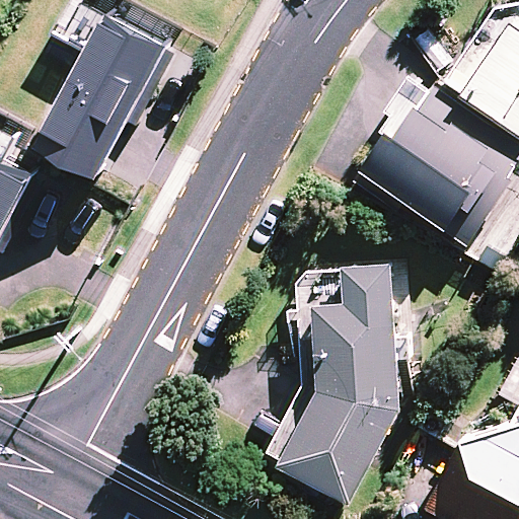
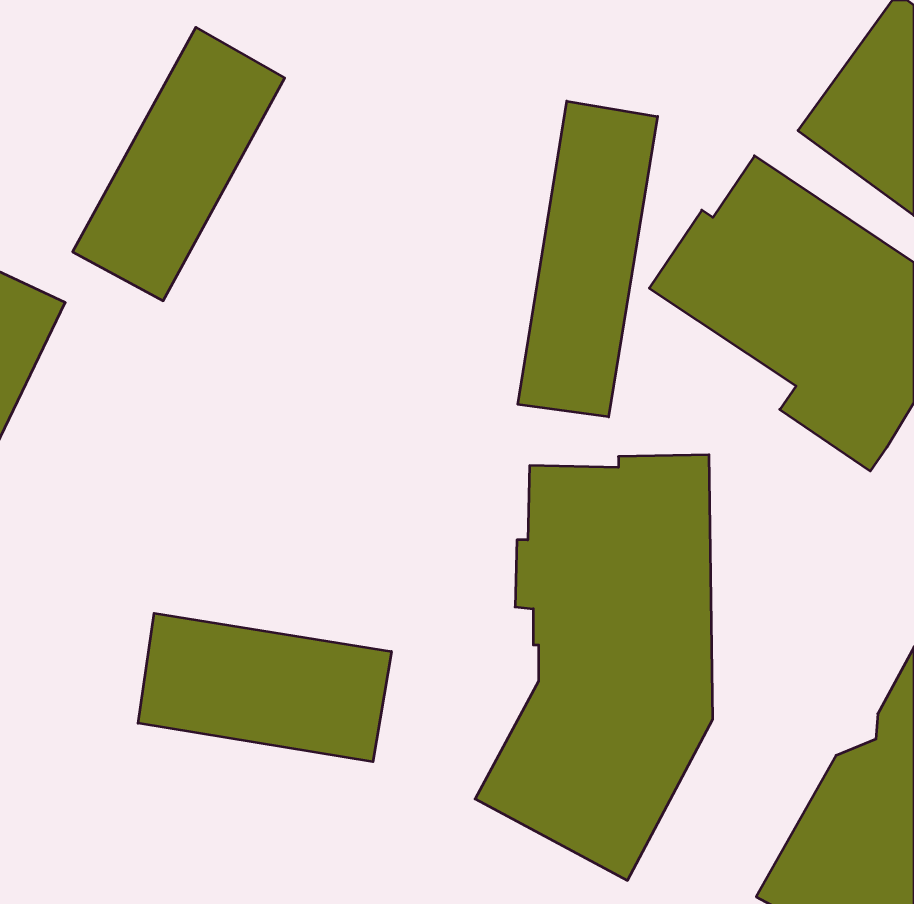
building: none -> [518,101,658,417]
building: none -> [138,613,391,762]

